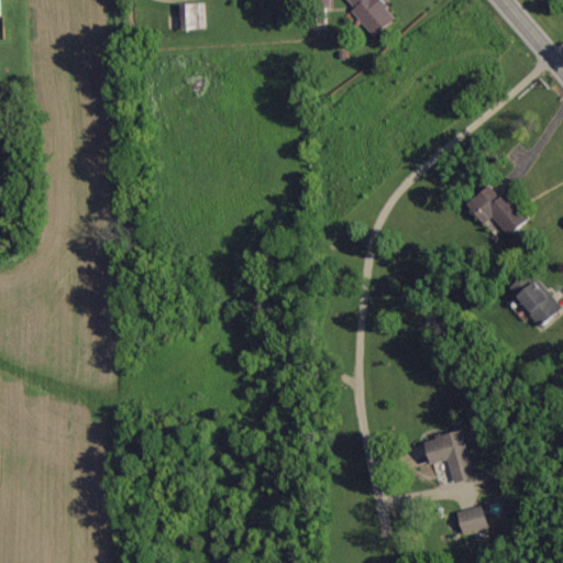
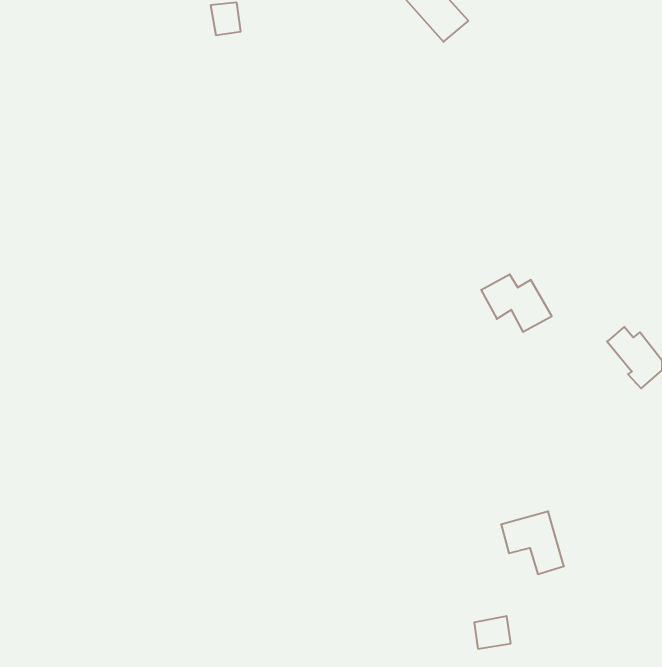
building: [467,186,527,234] -> [481,274,552,332]
building: [455,505,486,532] -> [474,616,511,649]

